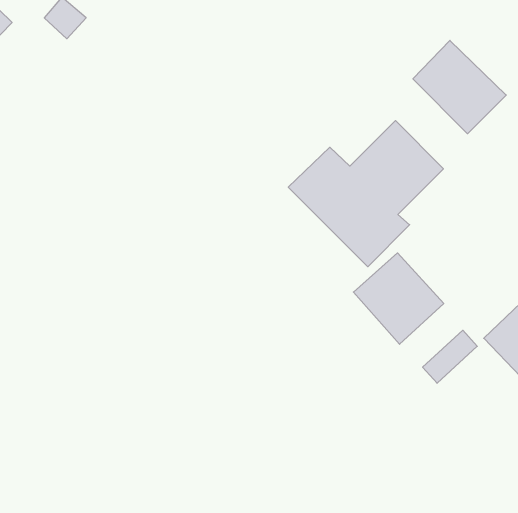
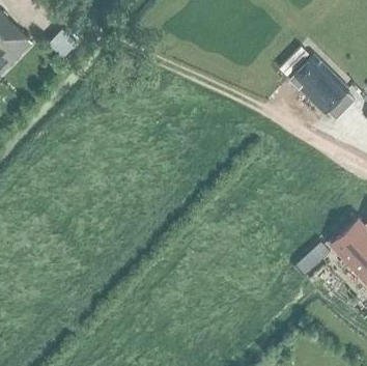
building: [288,121,443,267] -> none
building: [353,253,444,344] -> none

